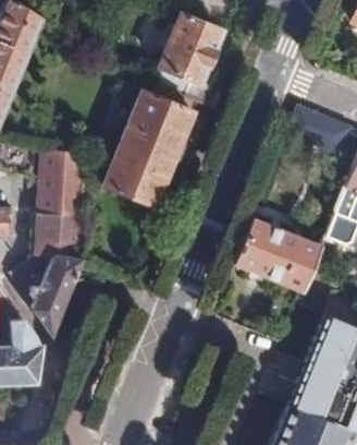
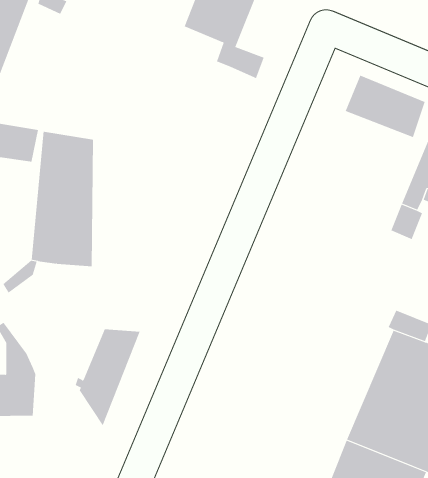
building: [101,84,194,207] -> none
building: [234,218,321,291] -> none
building: [29,260,83,339] -> [75,329,140,427]

